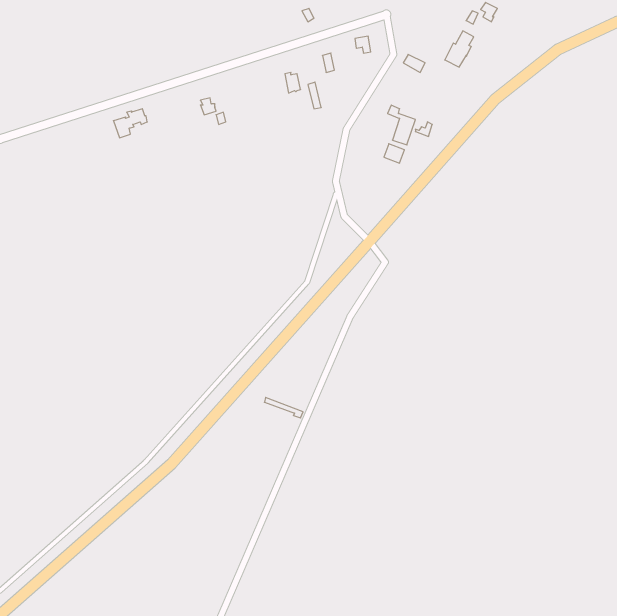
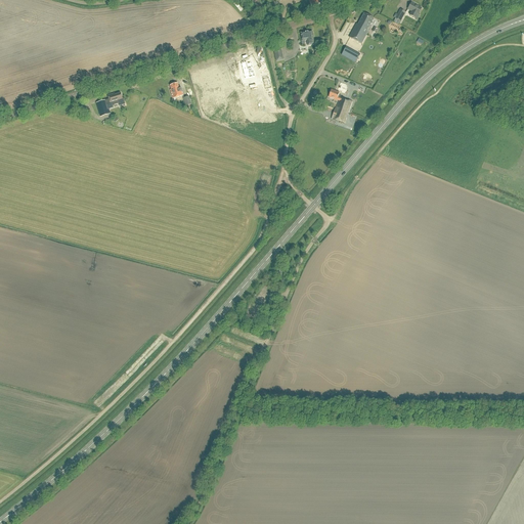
building: [445,31,474,67] -> [349,12,374,43]

